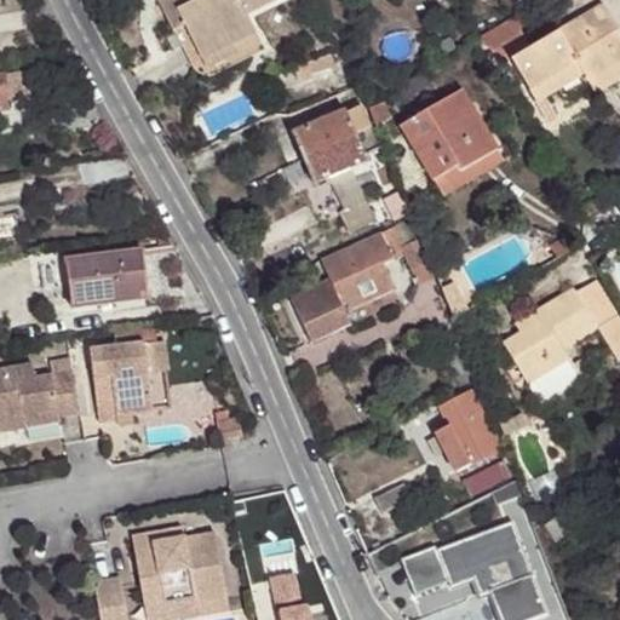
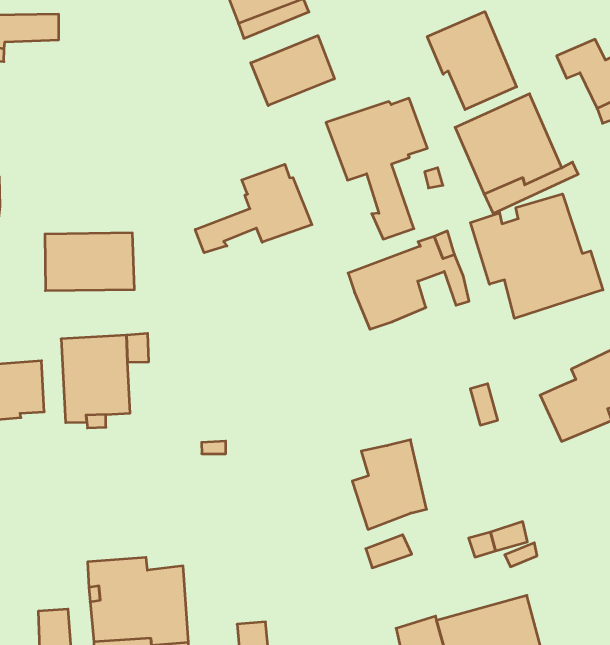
building: none -> [427,12,517,110]
building: none -> [251,36,334,106]
building: none -> [470,194,603,318]
building: none -> [195,164,312,253]
building: [294,276,356,341] -> none
building: [436,389,503,470] -> [352,440,427,529]

